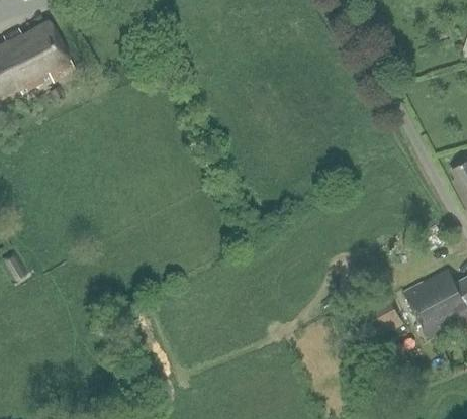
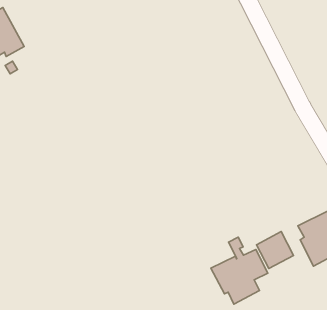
building: none -> [211,237,268,304]

